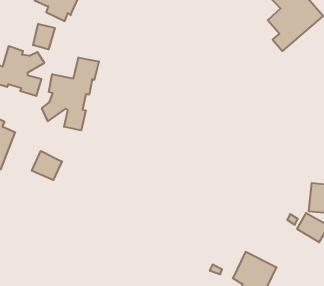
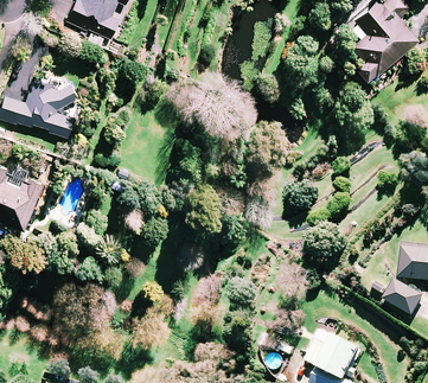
building: [33,24,55,49] -> none
building: [42,57,99,130] -> none
building: [32,151,62,180] -> none

